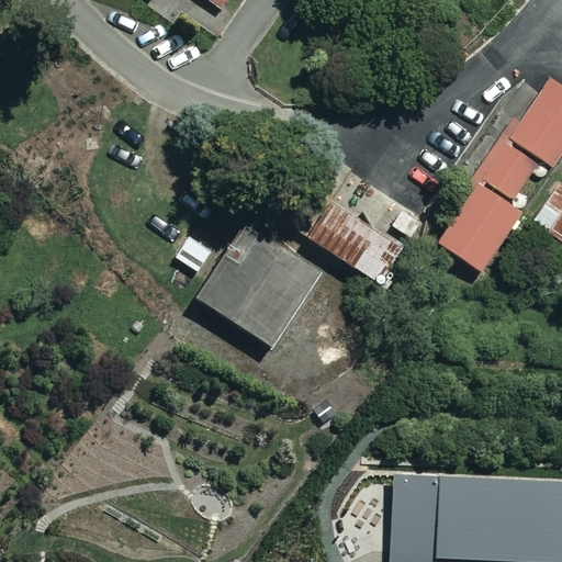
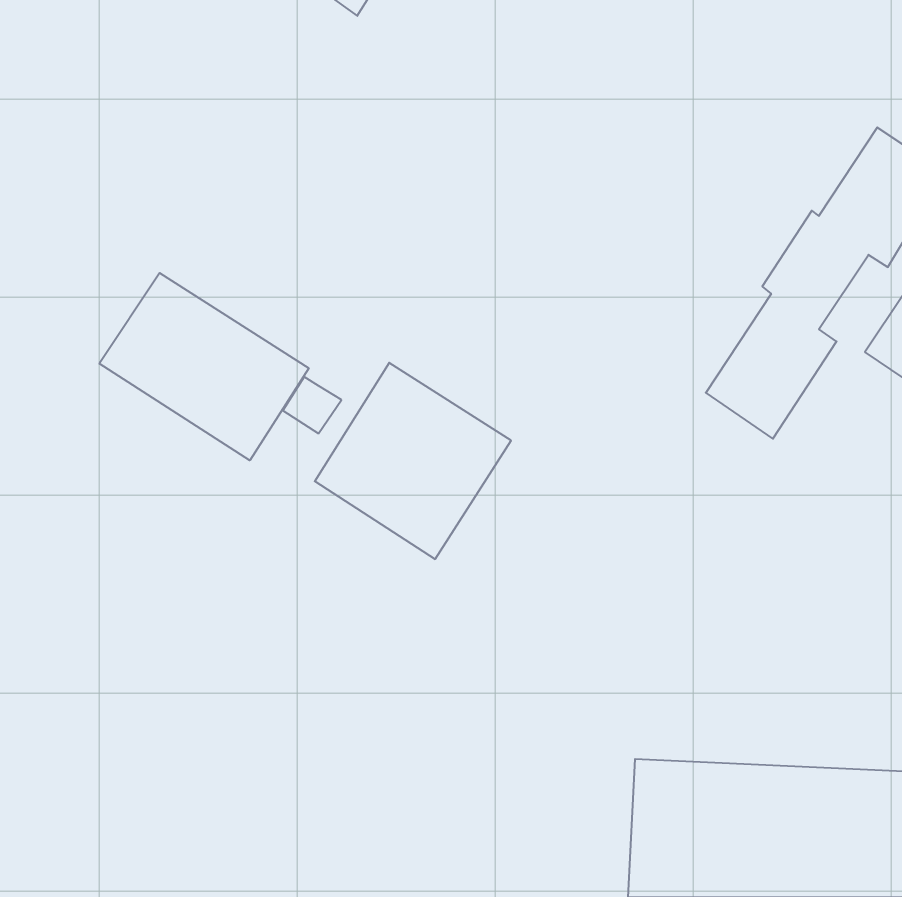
building: none -> [99,273,309,460]
building: [307,203,402,283] -> none

